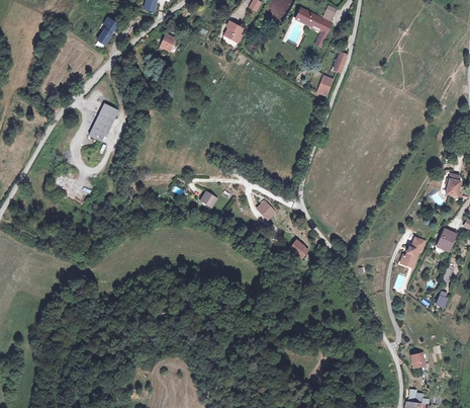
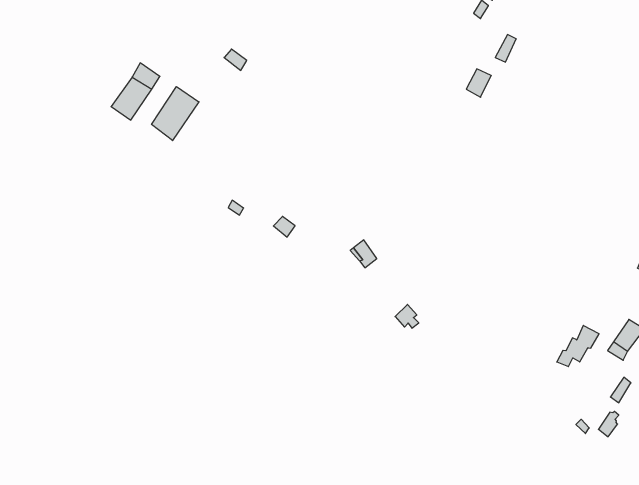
building: none -> [152,87,199,141]

